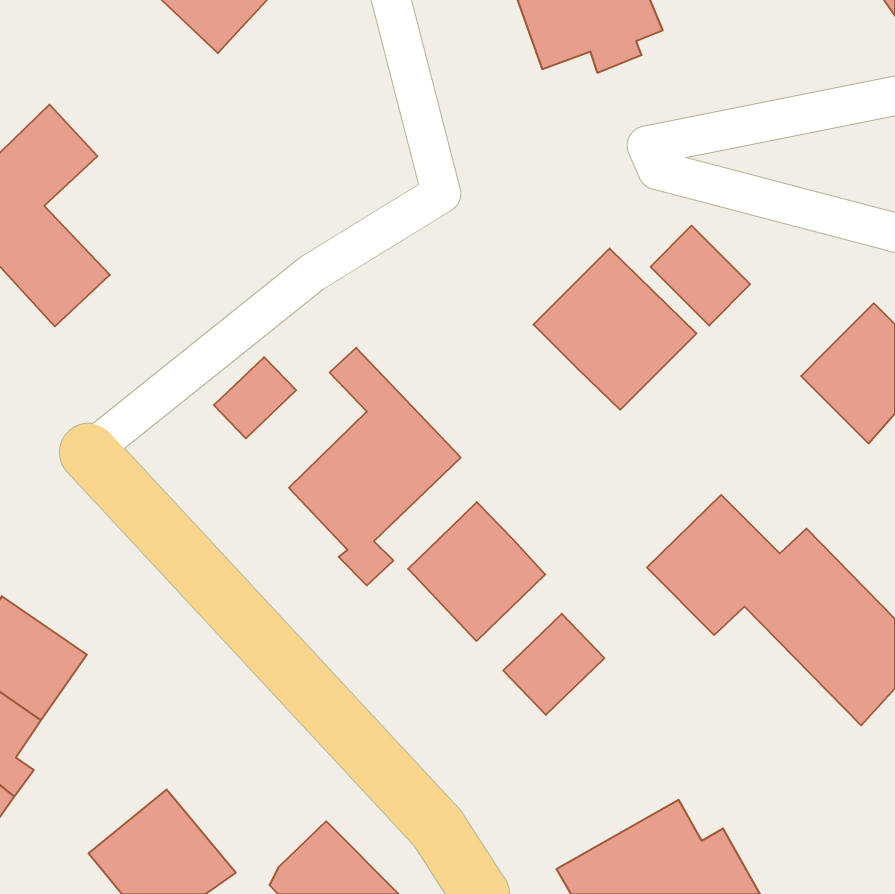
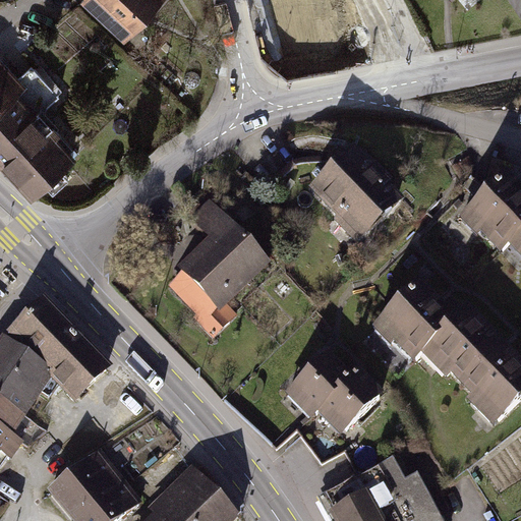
building: [651,226,750,326] -> none
building: [214,357,296,438] -> none
building: [408,502,545,641] -> none
building: none -> [8,301,107,401]
building: none -> [321,370,380,428]

